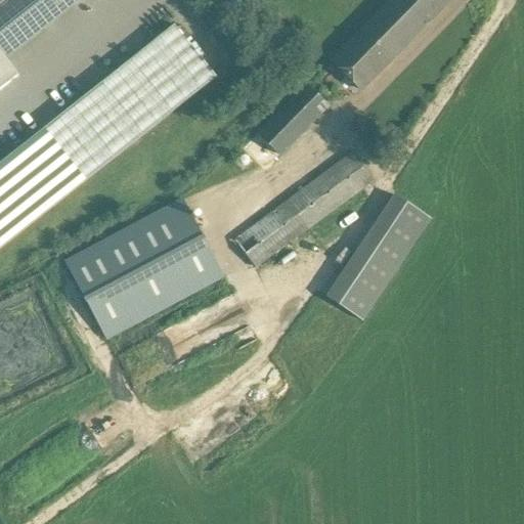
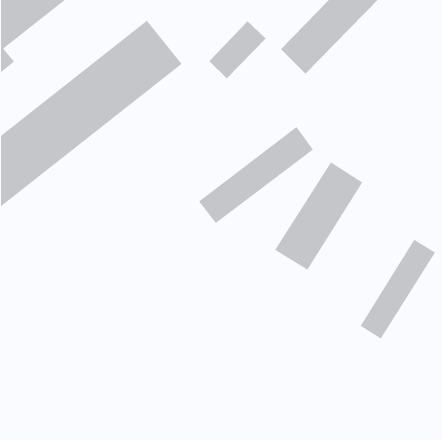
building: [259,84,328,154] -> [209,20,267,79]
building: [66,199,223,337] -> none
building: none -> [360,239,436,339]

